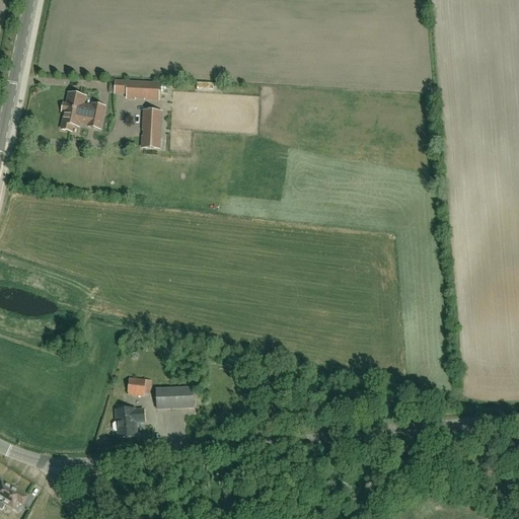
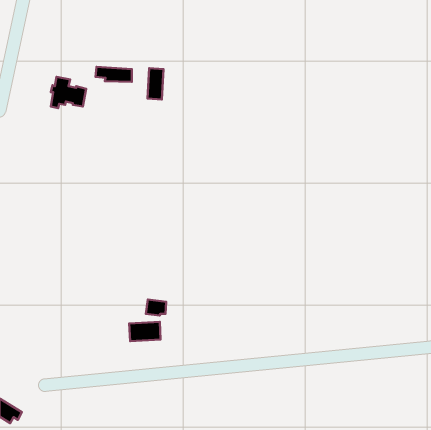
building: [141,110,160,148] -> [147,68,163,100]
building: [127,376,151,395] -> [146,299,166,315]
building: [112,407,144,436] -> none

